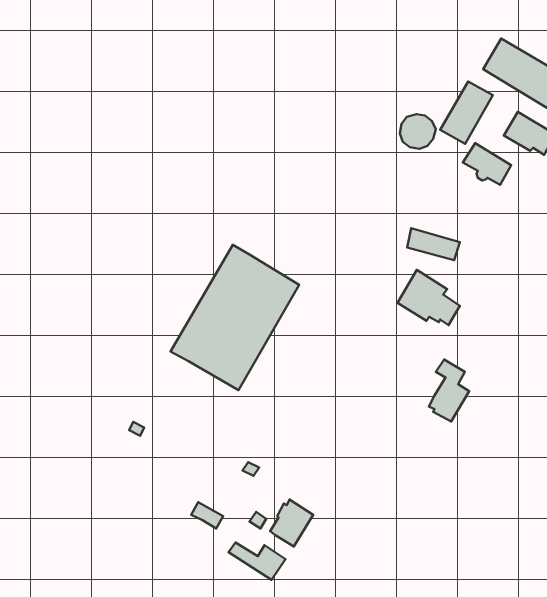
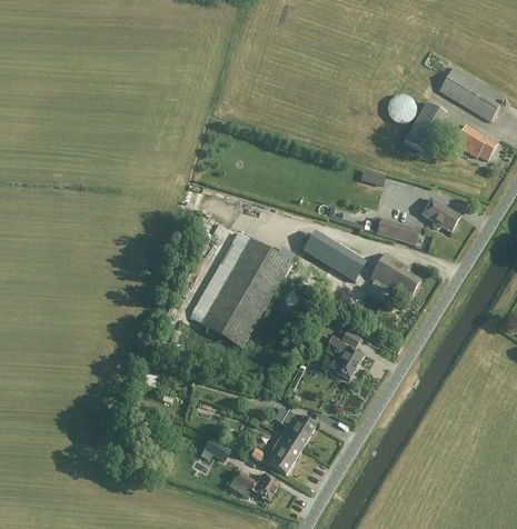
building: [400,114,436,149] -> [387,94,416,122]
building: [463,143,511,185] -> [420,198,459,231]
building: none -> [307,230,368,278]
building: [429,359,469,422] -> [330,328,362,378]
building: none -> [281,410,316,448]

